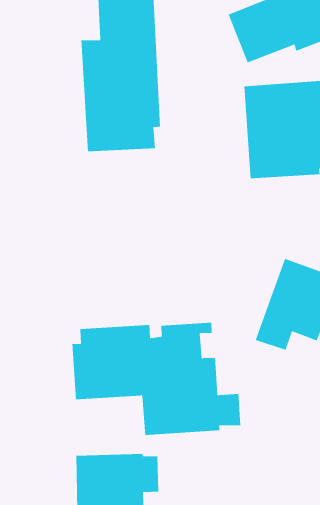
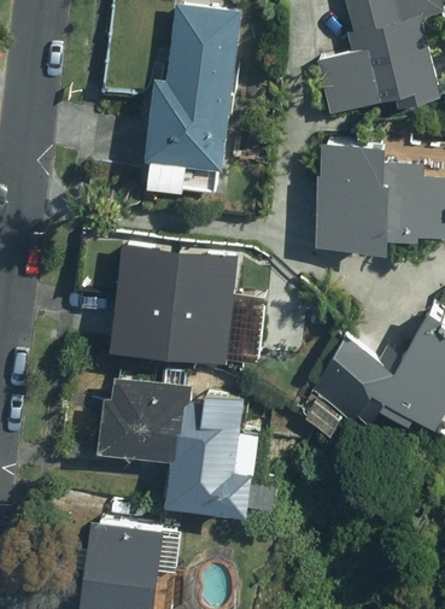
building: none -> [74,248,265,362]

